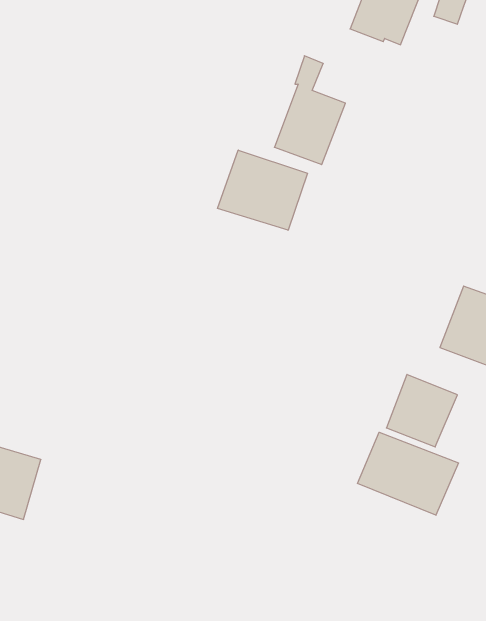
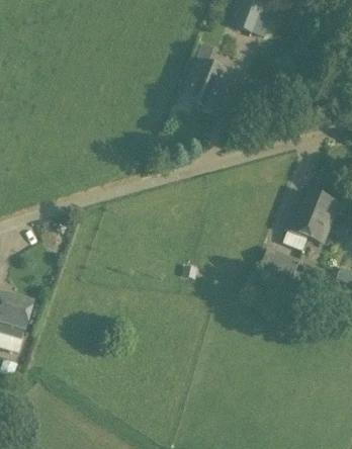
building: [218,150,308,230] -> none
building: [358,432,459,515] -> none

